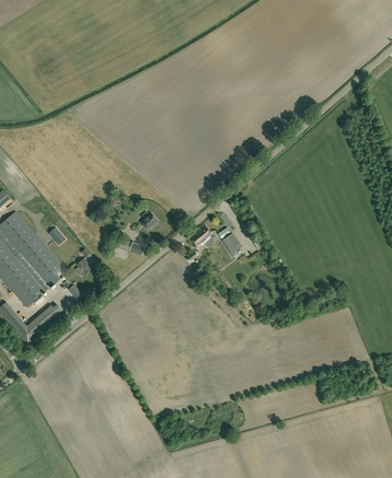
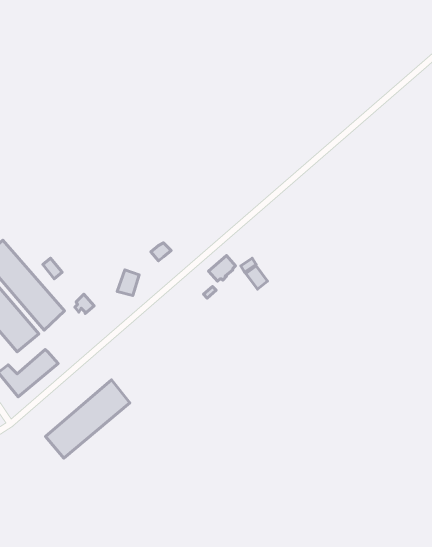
building: none -> [46,380,130,458]

